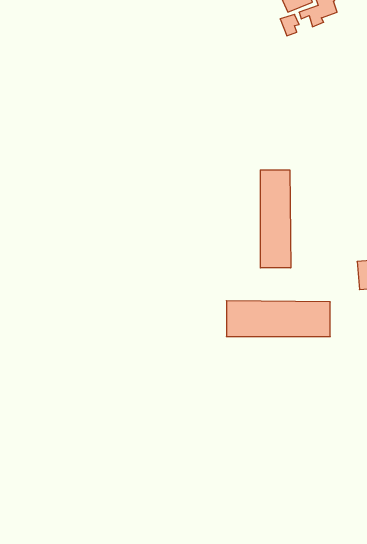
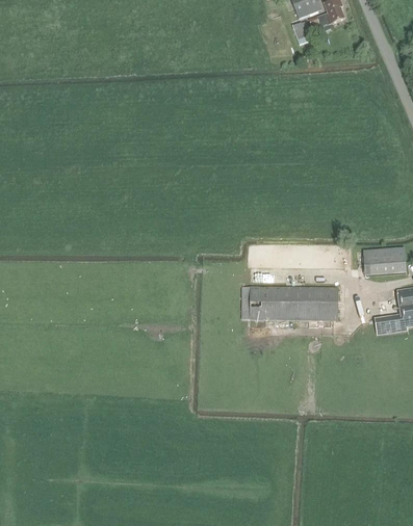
building: [260,170,291,268] -> none

